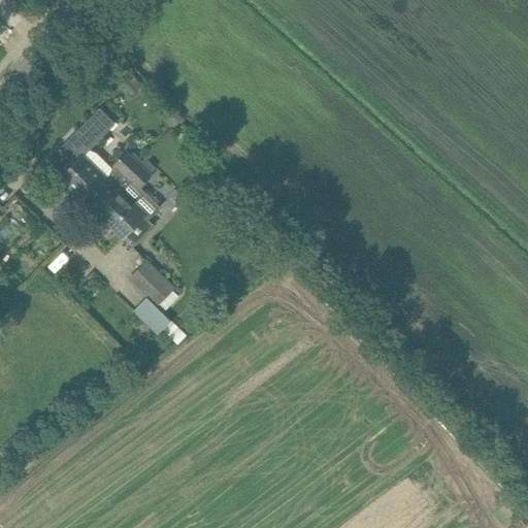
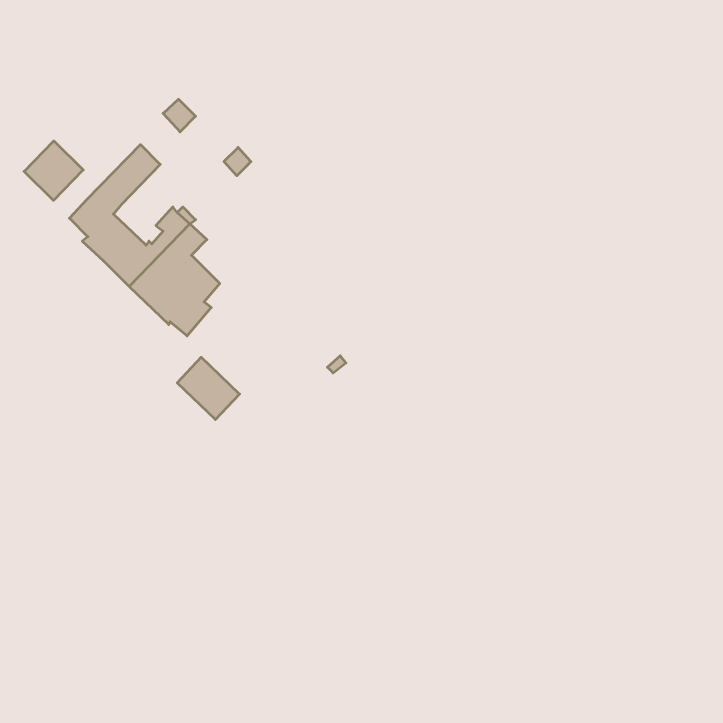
building: none -> [24,141,83,200]
building: [131,296,185,341] -> none

